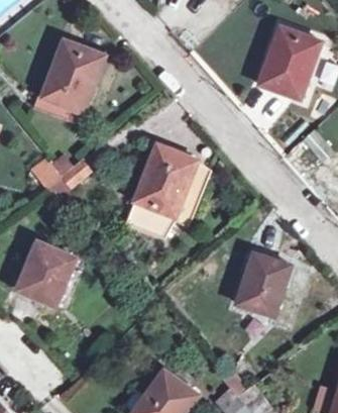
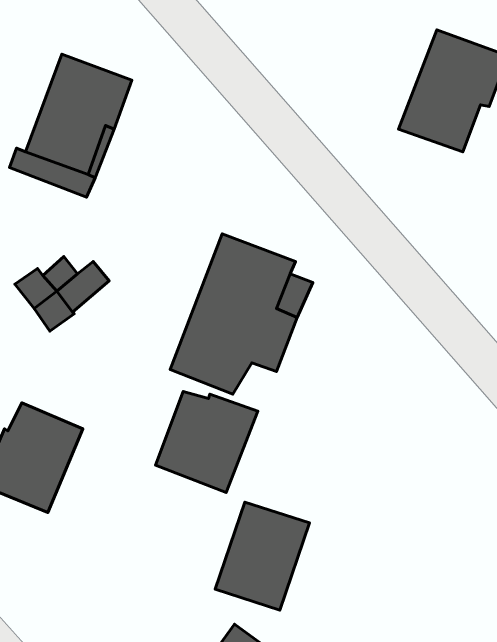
building: none -> [156,392,258,492]
building: [236,252,291,315] -> [215,502,309,610]

